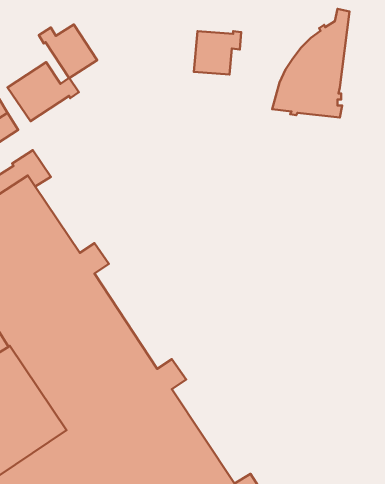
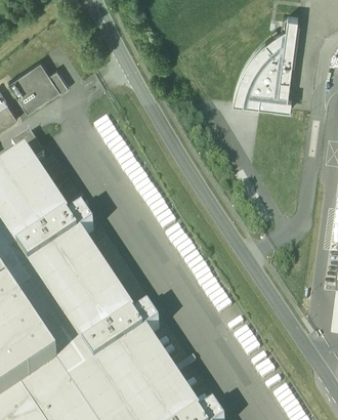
building: [39,24,97,78] -> none
building: [194,31,241,74] -> none

